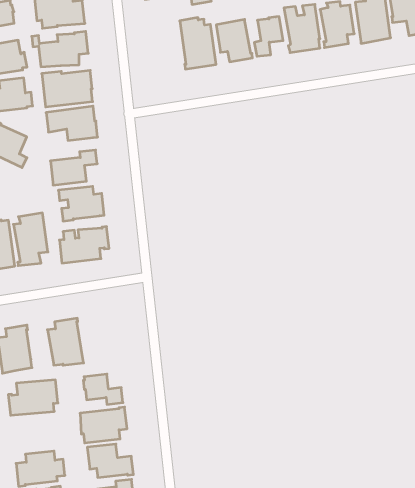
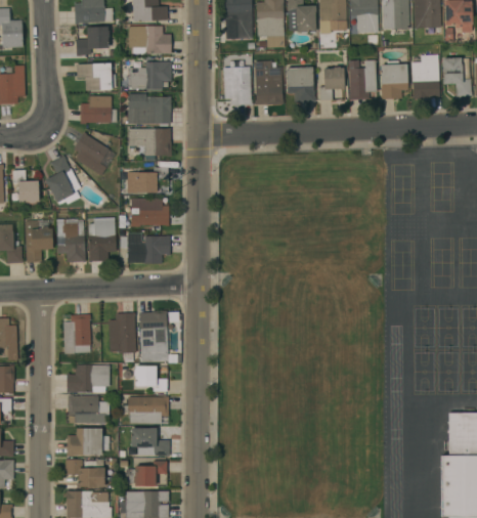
building: none -> [223,58,252,105]
building: none -> [138,311,175,362]
building: none -> [67,395,110,424]

